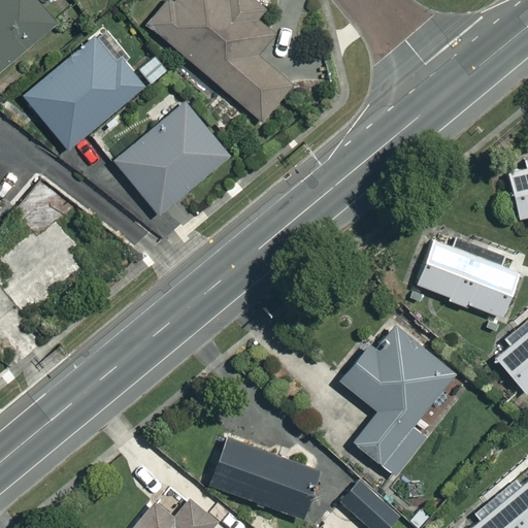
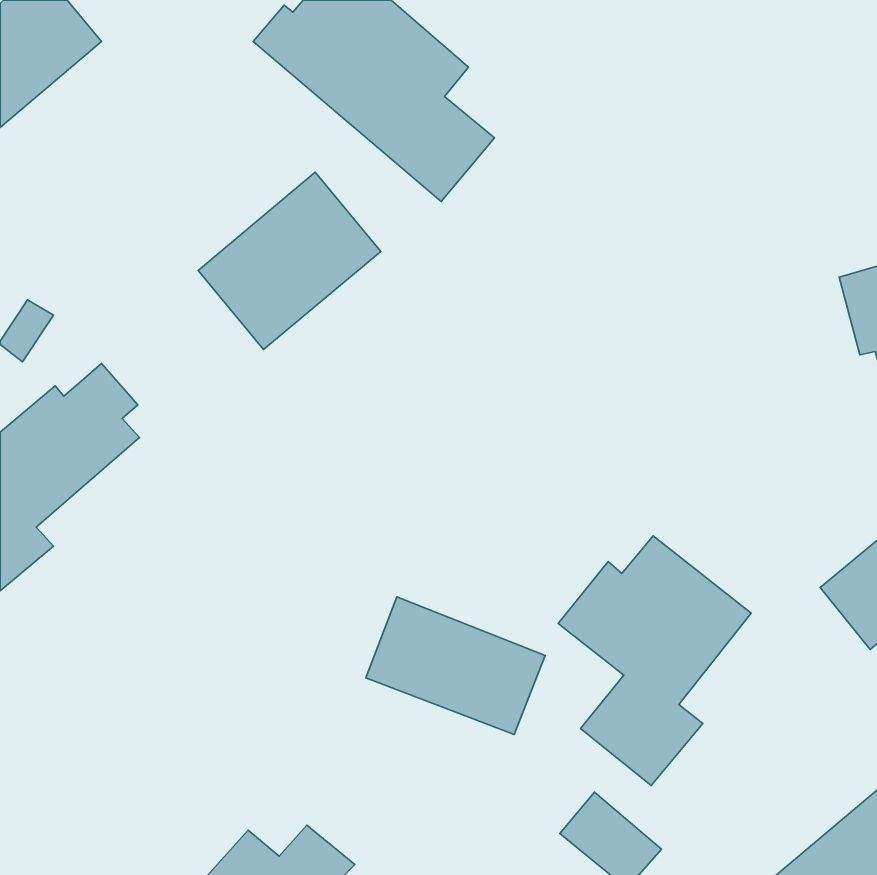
building: [30,38,150,154] -> none
building: [414,239,519,315] -> none
building: [206,434,314,517] -> [366,597,545,735]

